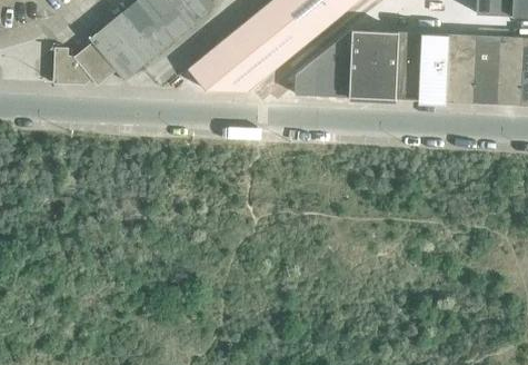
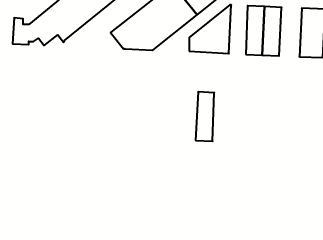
building: [349,29,375,97] -> [196,92,214,141]
building: [418,32,449,100] -> none

